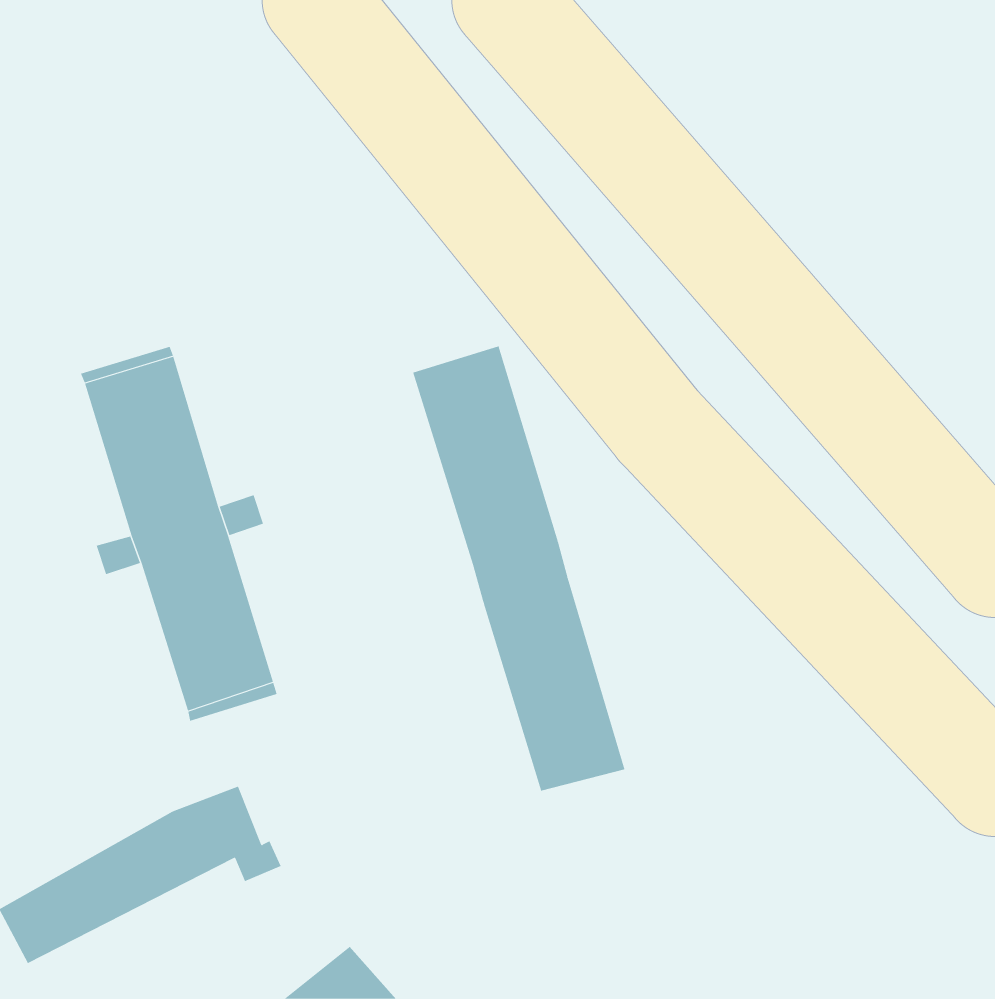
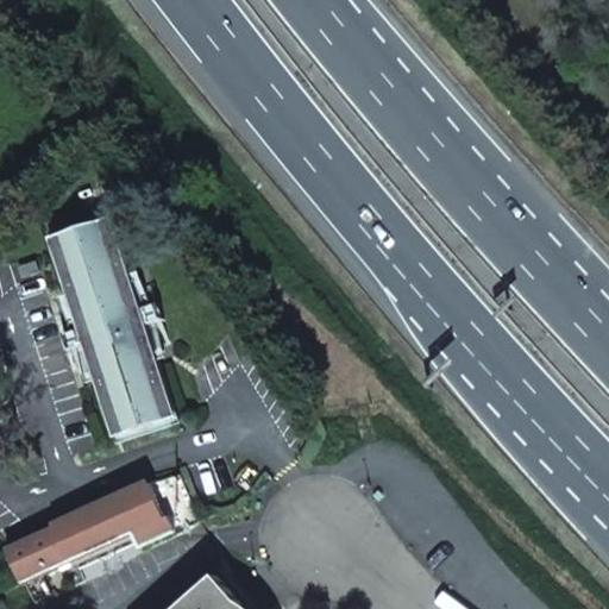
building: [413,346,625,792] -> none

